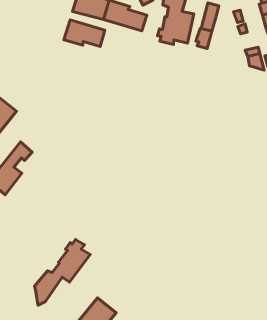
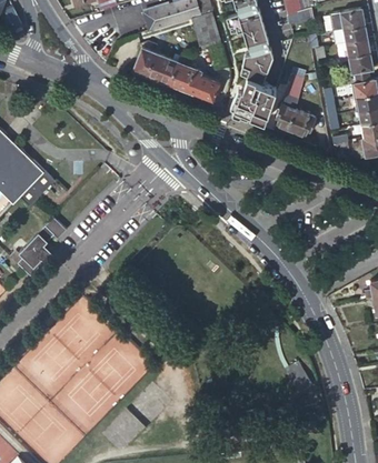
building: [64,20,105,47] -> none
building: none -> [286,110,314,137]
building: [35,239,90,305] -> none

